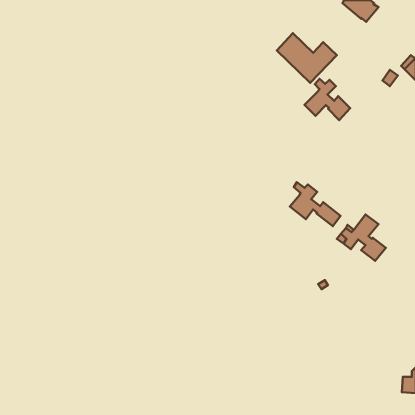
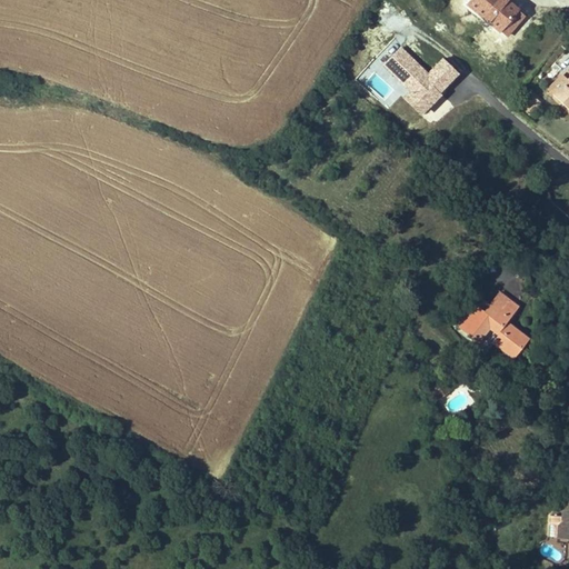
building: [304,79,350,120] -> none
building: [290,182,340,226] -> none

